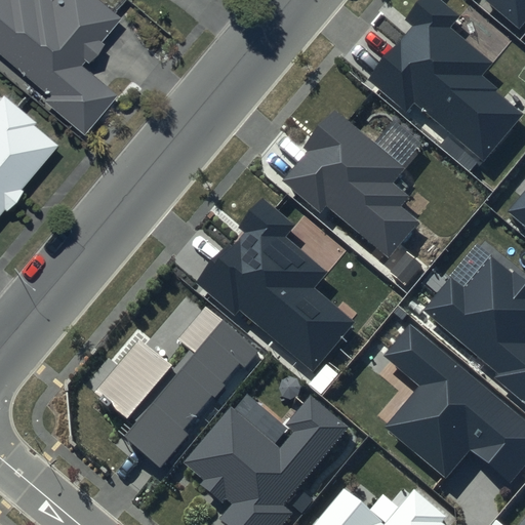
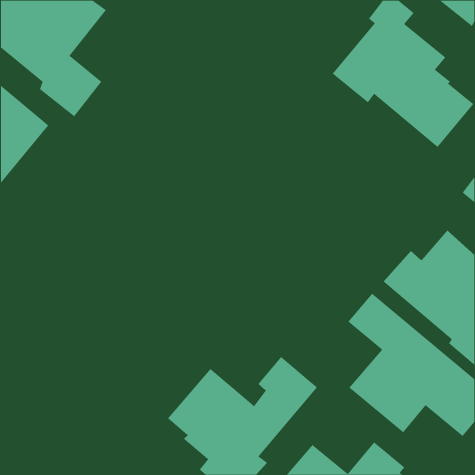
building: [281,112,418,259] -> none
building: [189,197,353,371] -> none
building: [124,307,257,467] -> none
building: [94,338,170,418] -> none

